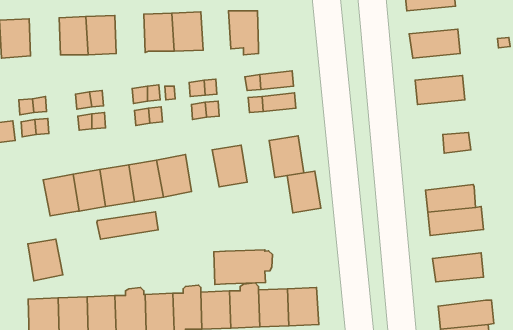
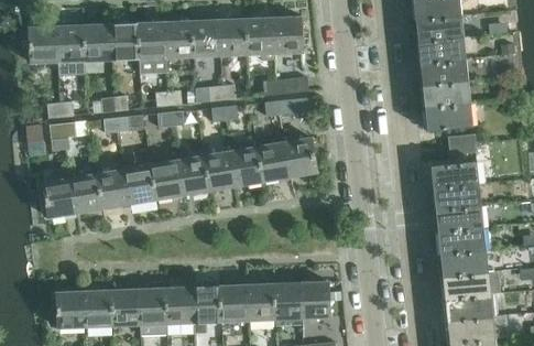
building: none -> [415,14,464,41]
building: none -> [273,18,309,54]
building: none -> [219,19,248,56]
building: none -> [138,22,167,73]
building: none -> [56,25,86,74]
building: none -> [421,60,468,85]
building: none -> [425,104,472,131]
building: none -> [205,151,237,191]
building: none -> [431,162,478,190]
building: [287,171,321,213] -> [258,142,290,182]
building: [97,212,158,239] -> none
building: none -> [437,227,490,255]
building: [28,239,63,281] -> [43,180,76,219]
building: [214,250,272,284] -> none
building: none -> [443,272,490,300]

